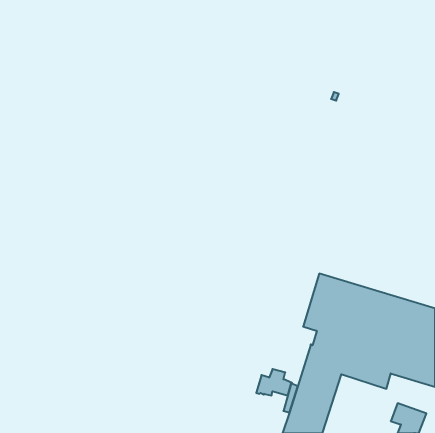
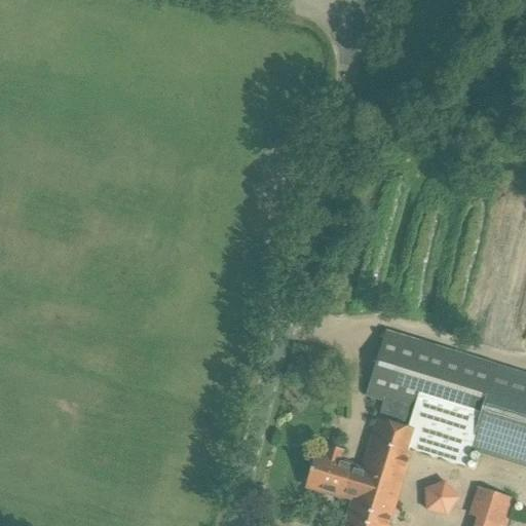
building: none -> [305,472,347,495]
building: none -> [427,479,457,512]

